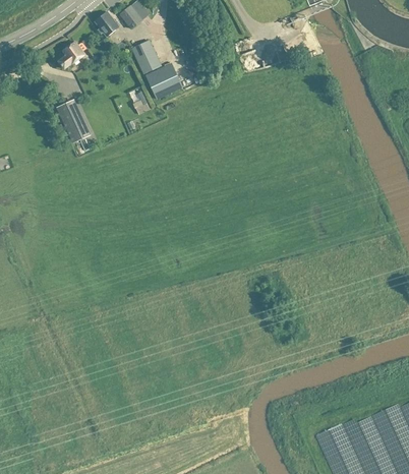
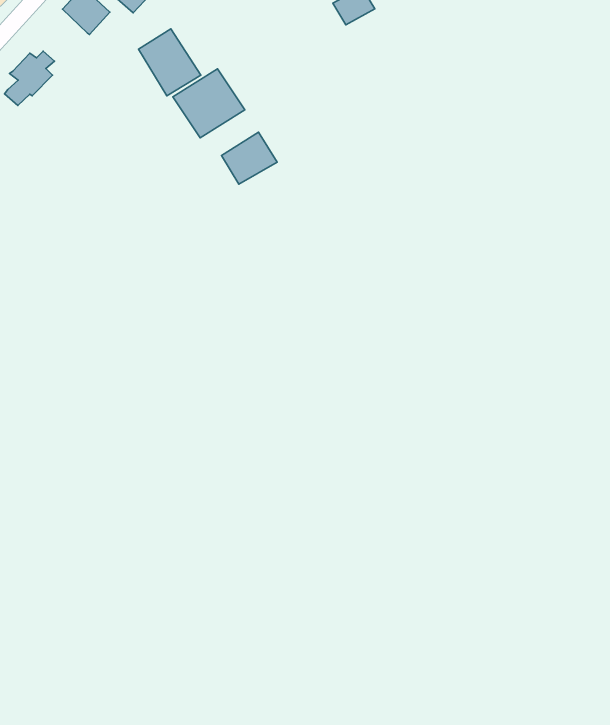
building: none -> [221,132,277,184]
building: [57,101,87,143] -> none

